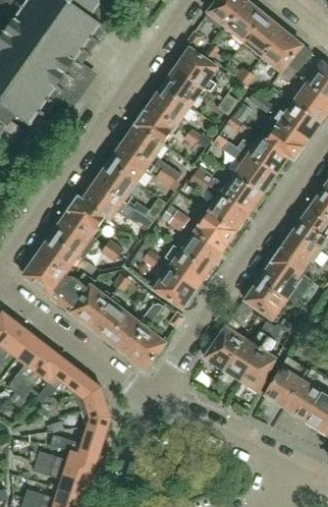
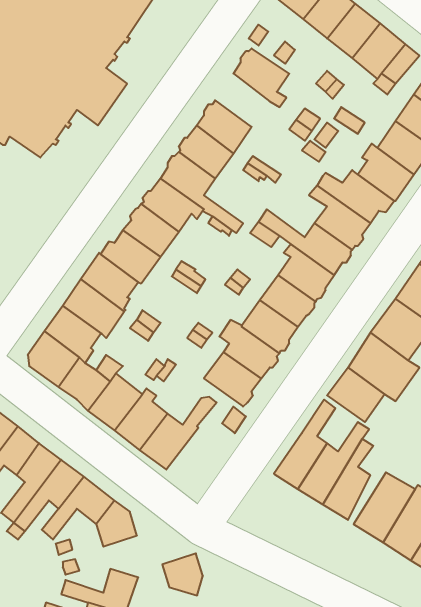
building: [162,66,202,105] -> none
building: [126,324,165,369] -> none
building: [80,402,110,433] -> [162,553,203,595]

